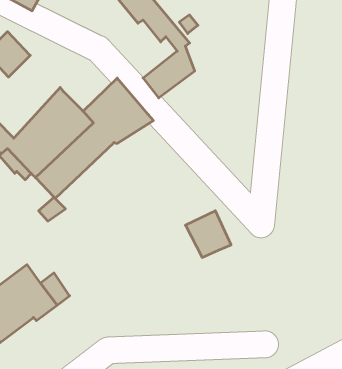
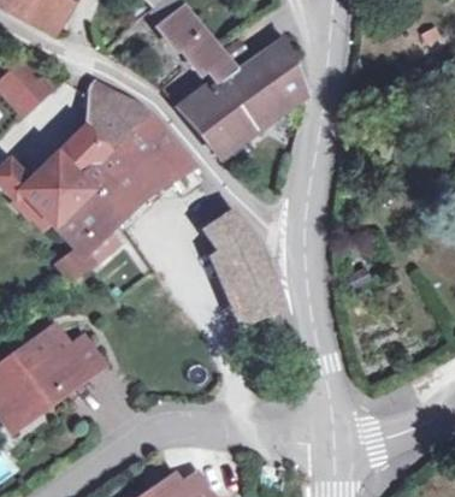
building: none -> [201,37,307,158]
building: none -> [87,81,153,150]
building: none -> [212,212,267,283]

